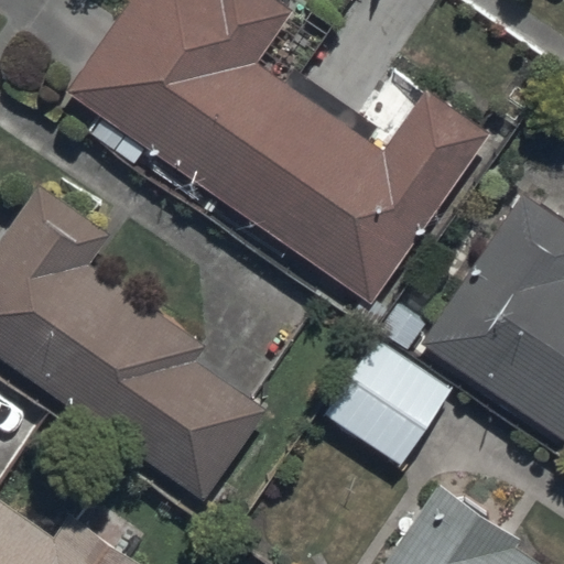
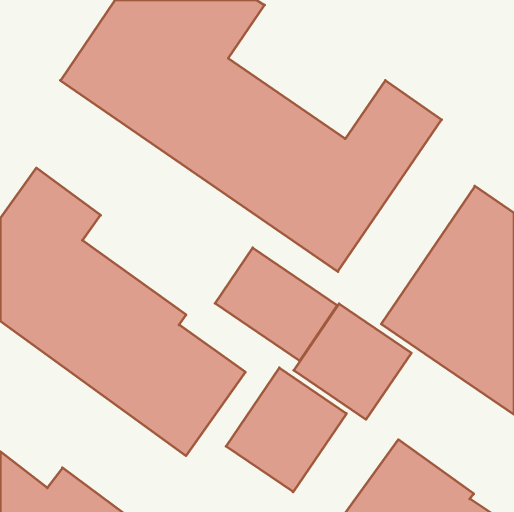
building: none -> [215,248,337,361]
building: none -> [226,368,346,492]

